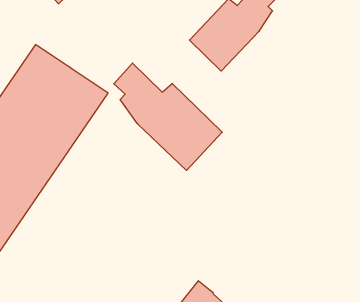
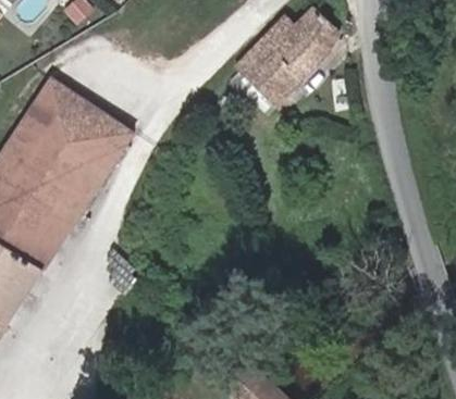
building: [114,63,222,170] -> none

